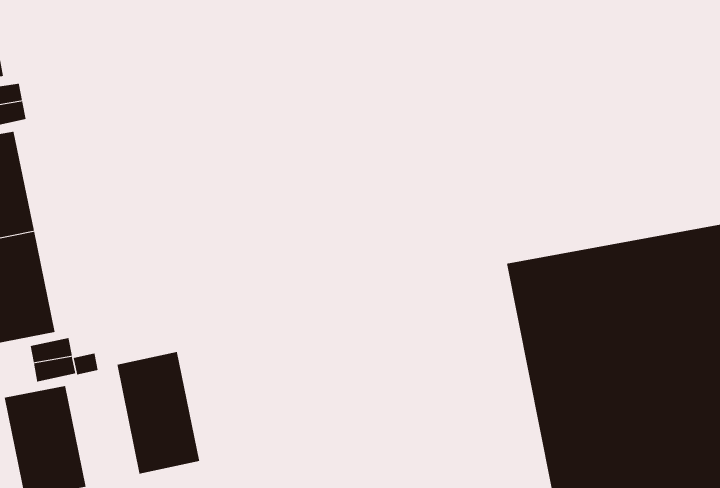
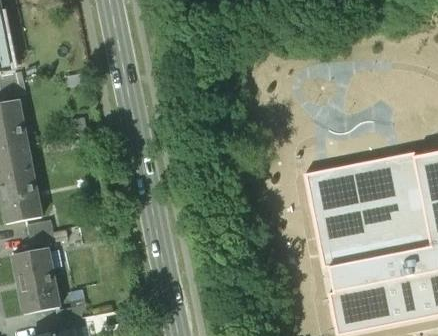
building: [117,351,200,474] -> none

